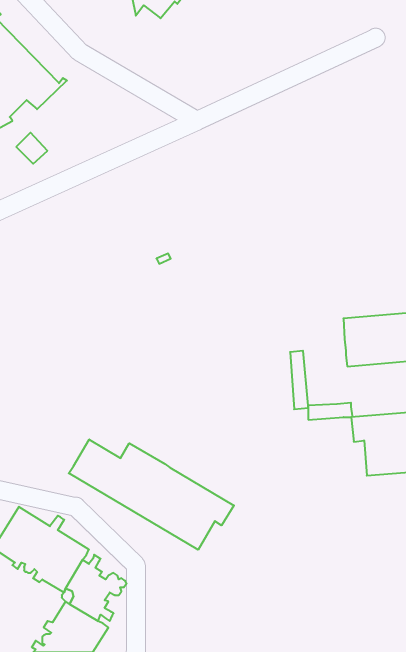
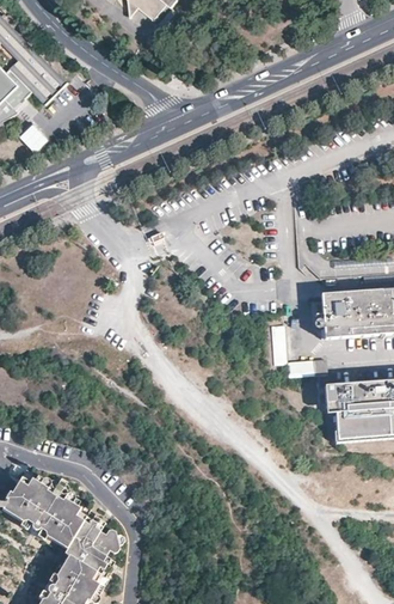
building: [69,439,234,550] -> none

